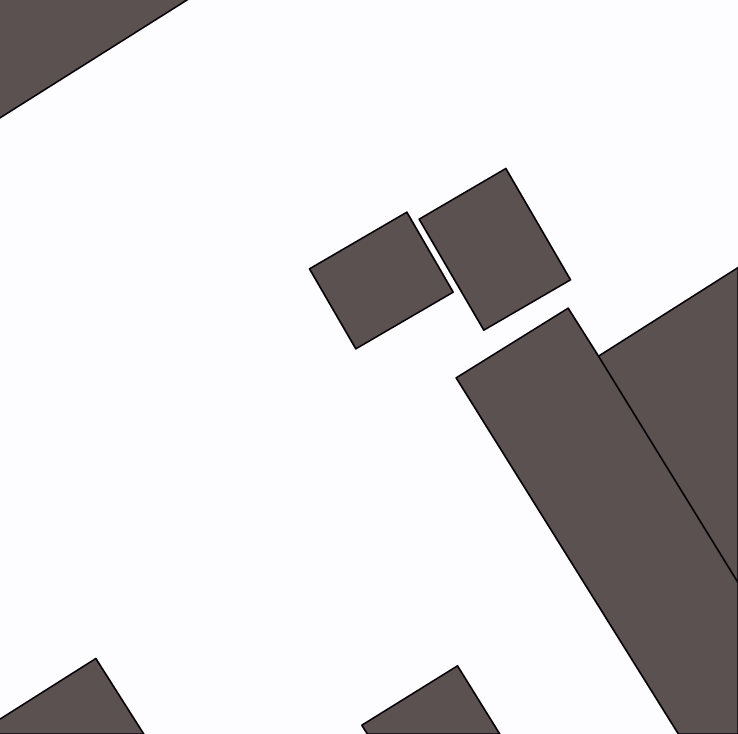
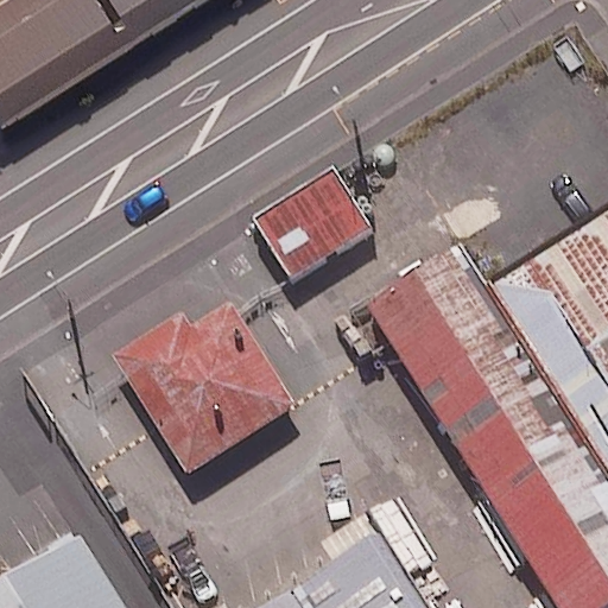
building: [419,169,570,330] -> none
building: none -> [115,299,297,477]

